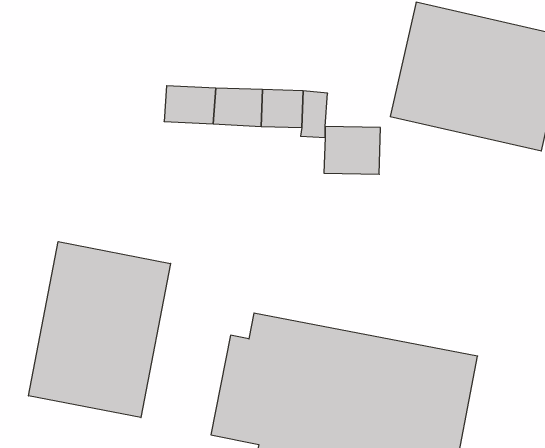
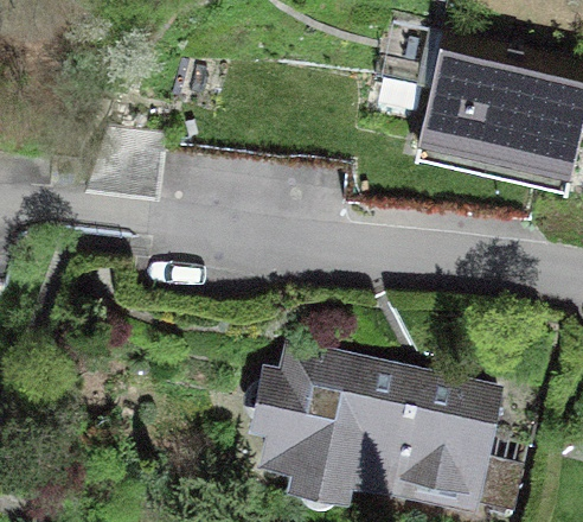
building: [29,242,171,418] -> none

